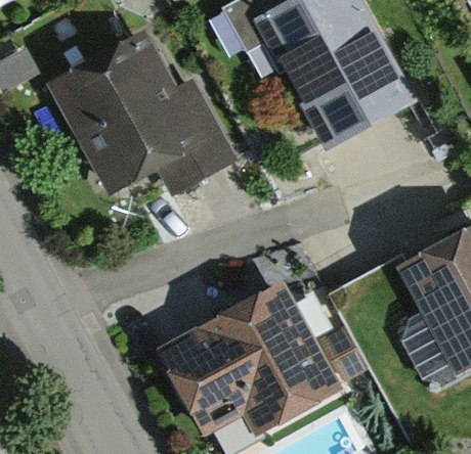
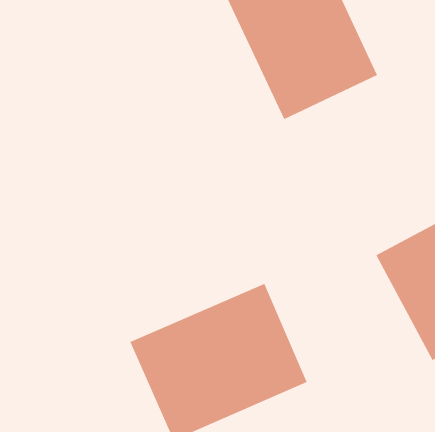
building: [54,29,206,187] -> none

